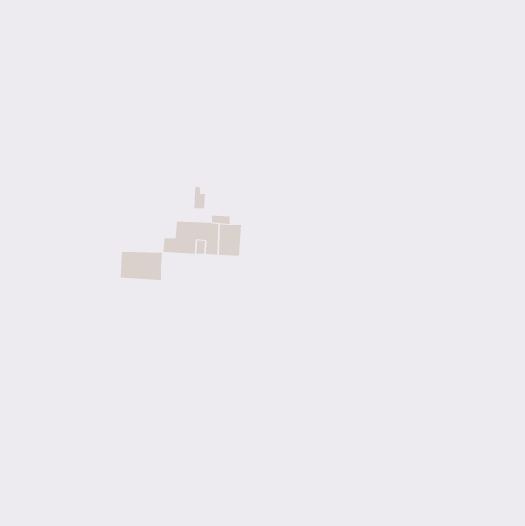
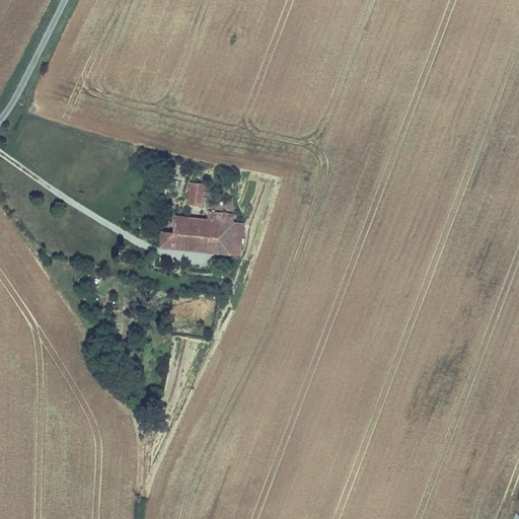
building: [120,251,163,281] -> none

